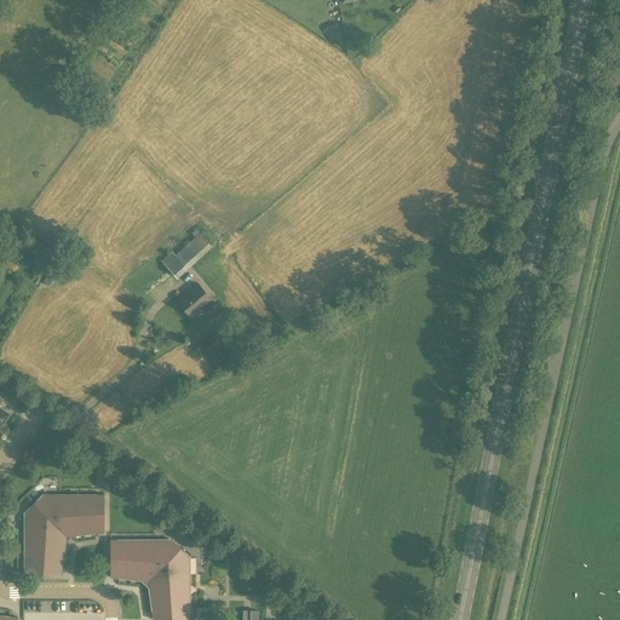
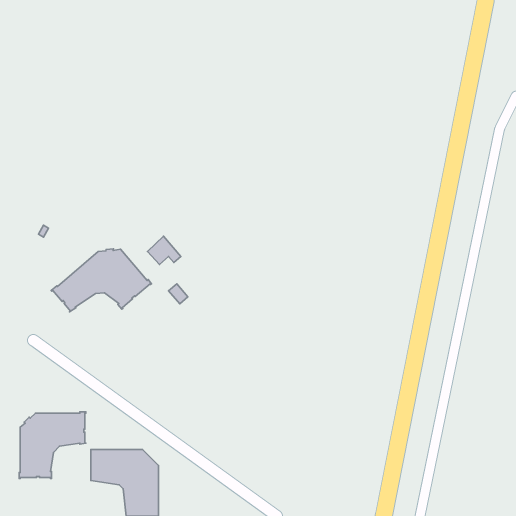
building: [161,234,212,279] -> none
building: none -> [51,249,152,312]

